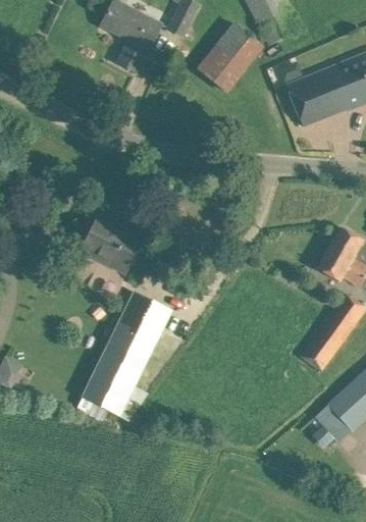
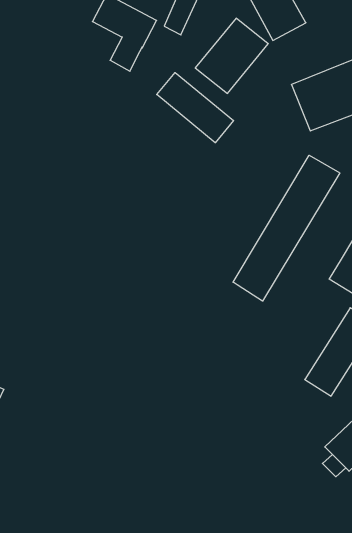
building: none -> [157,73,234,143]
building: none -> [233,155,340,301]
building: [82,216,143,268] -> none
building: [77,290,172,419] -> none

